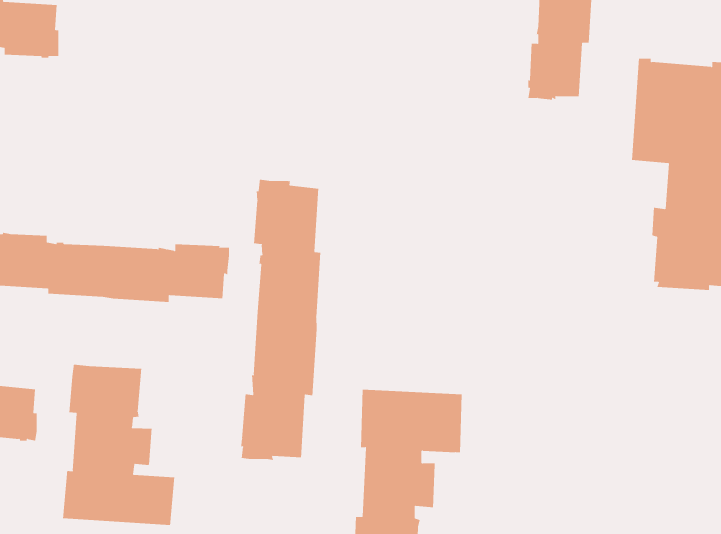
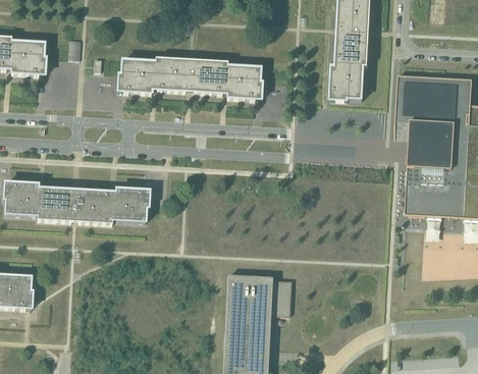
building: none -> [117,57,261,99]
building: [240,179,321,461] -> none
building: [62,364,175,526] -> none

